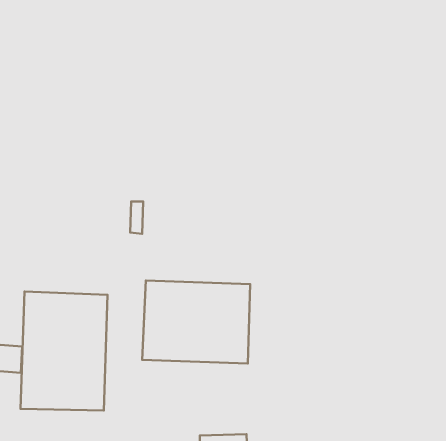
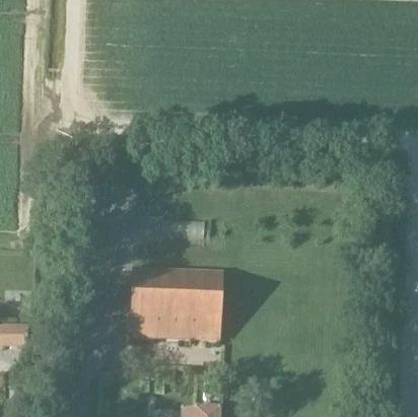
building: [20,292,108,411] -> none

